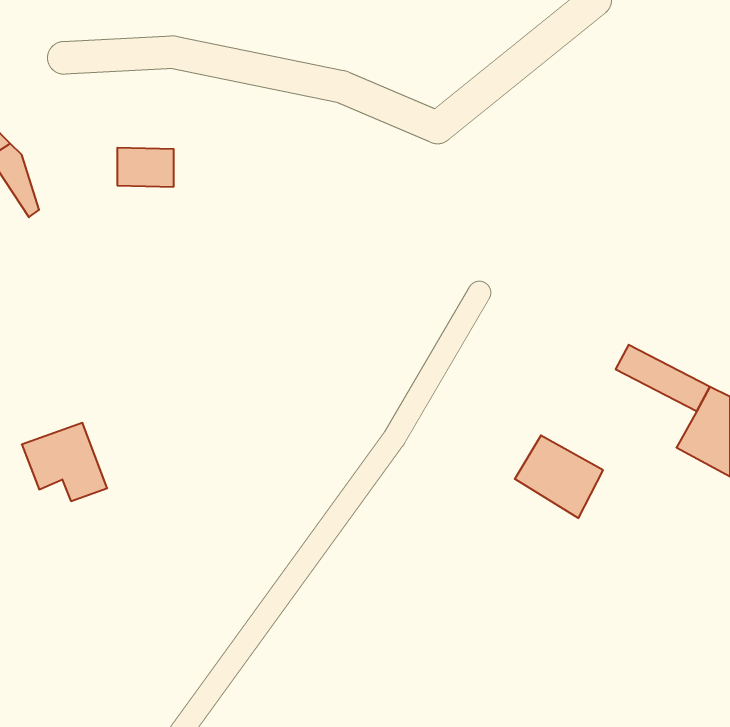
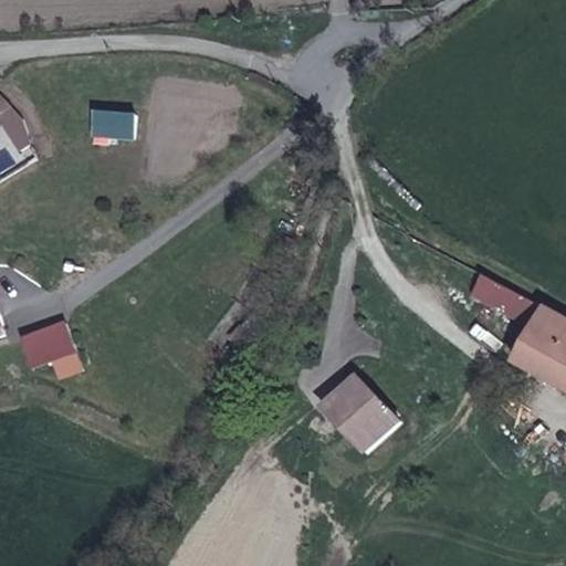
building: [515,435,603,518] -> [328,371,396,434]

